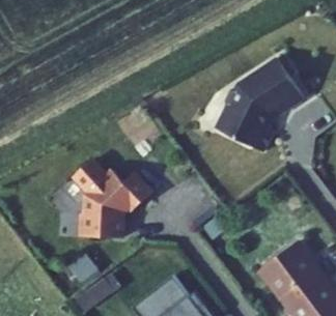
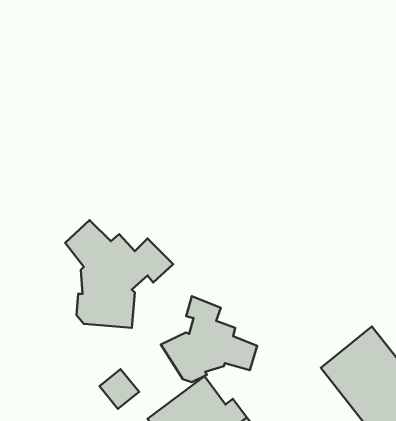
building: [205,56,292,147] -> none
building: none -> [161,296,257,382]

